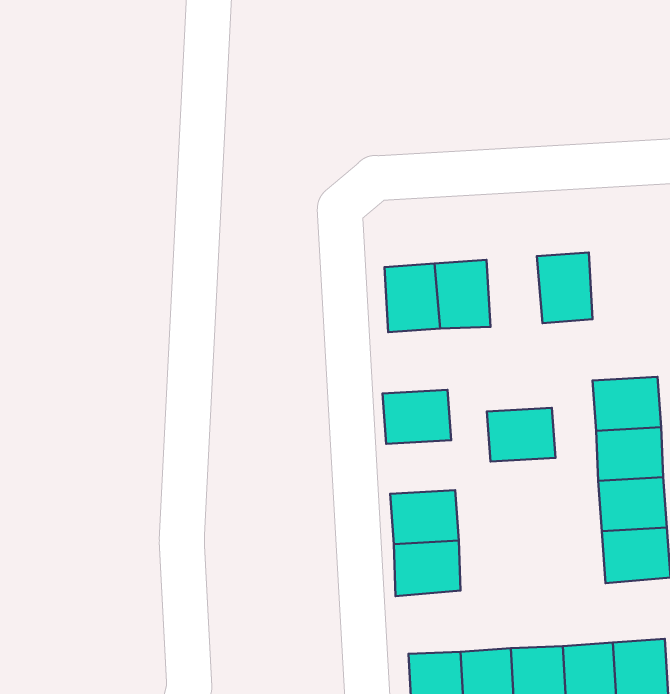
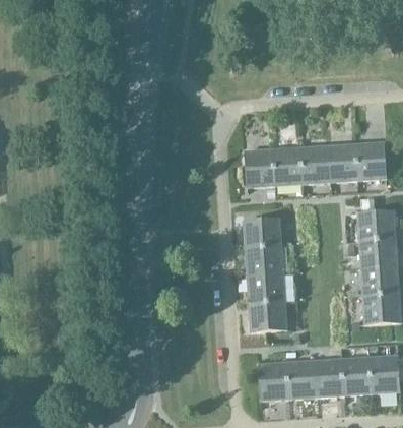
building: none -> [355,141,386,180]
building: none -> [299,145,330,184]
building: [487,408,556,462] -> [245,246,282,276]

